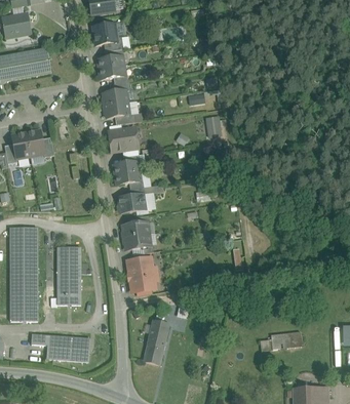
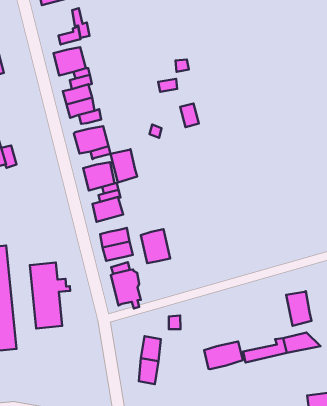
building: [92,23,116,44] -> none
building: none -> [110,149,137,183]
building: none -> [141,229,170,263]
building: none -> [286,291,312,326]
building: [31,333,89,361] -> none
building: none -> [204,342,243,369]

